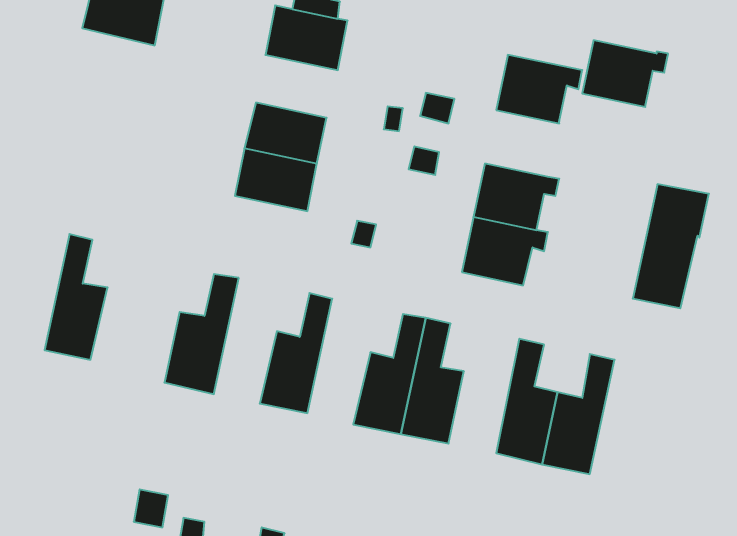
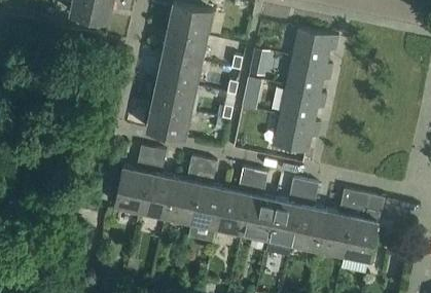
building: [582,40,668,107] -> [286,61,332,97]
building: none -> [163,31,207,65]
building: [633,184,709,308] -> [343,195,384,262]
building: none -> [146,107,190,141]
building: [45,234,108,360] -> [140,151,174,219]
building: none -> [190,162,224,230]
building: none -> [266,181,304,246]

